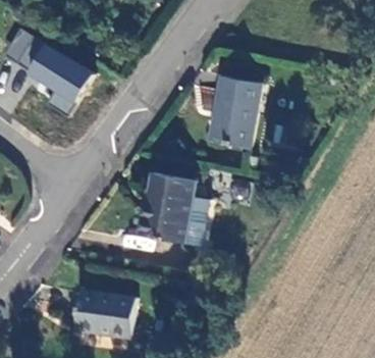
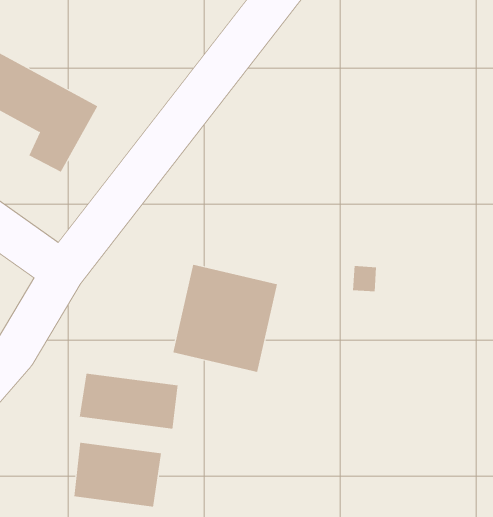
building: [211,79,259,146] -> none
building: none -> [79,373,178,429]

